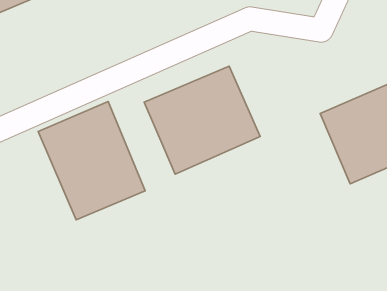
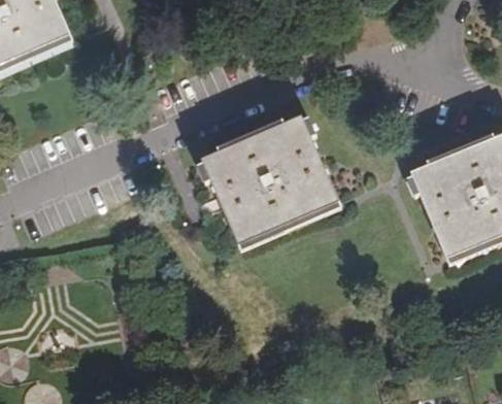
building: [38,102,145,220] -> none

